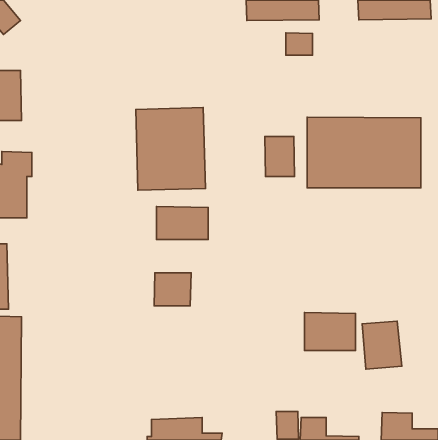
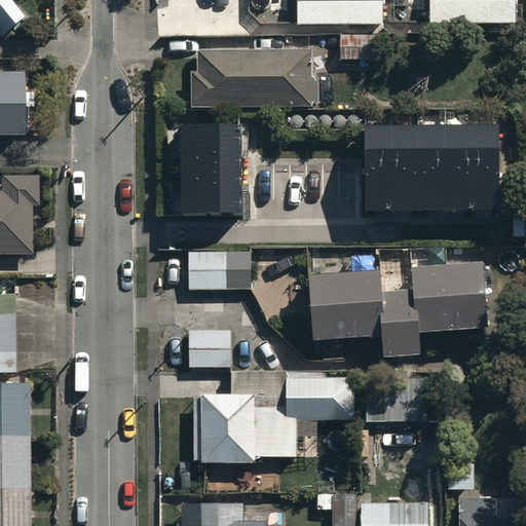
building: none -> [193,55,318,114]
building: [265,137,294,177] -> none
building: none -> [307,254,497,348]
building: none -> [199,378,352,462]
building: [362,321,402,369] -> none

